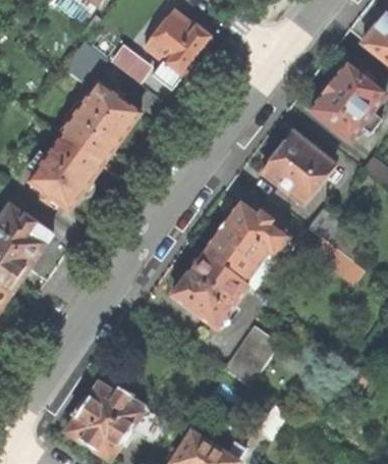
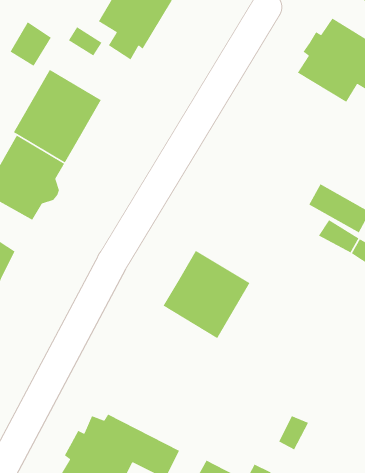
building: [262,133,331,204] -> none
building: [205,203,293,289] -> none
building: [224,321,276,378] -> none

